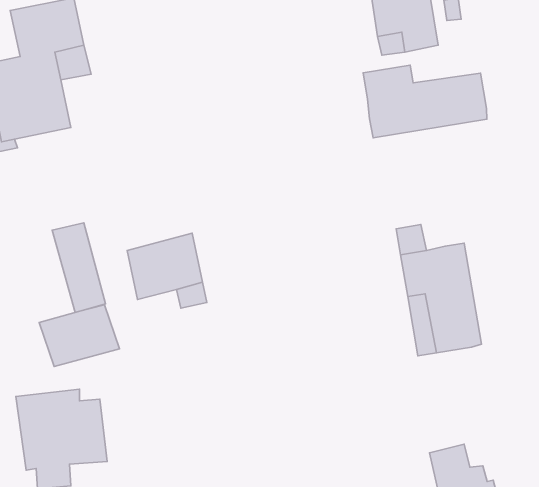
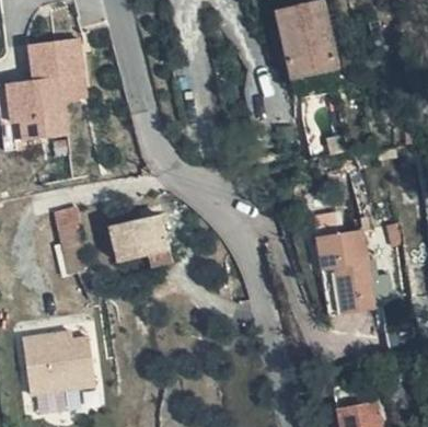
building: [363,65,487,138] -> none
building: [39,305,120,367] -> none

